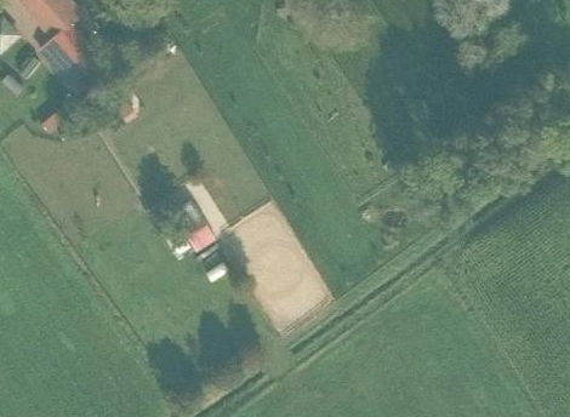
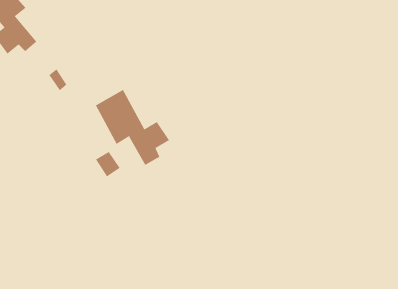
building: none -> [95,89,170,166]

